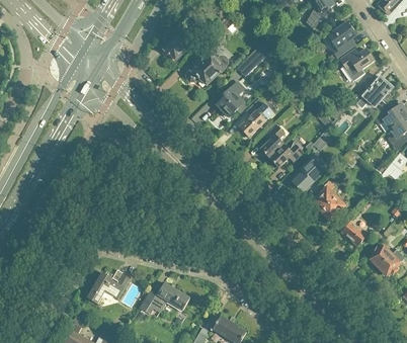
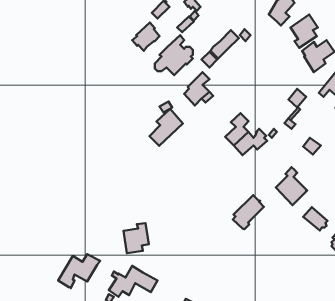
building: [239,97,273,136] -> [150,109,183,146]
building: [293,156,325,191] -> [233,195,264,229]
building: none -> [124,223,149,253]

